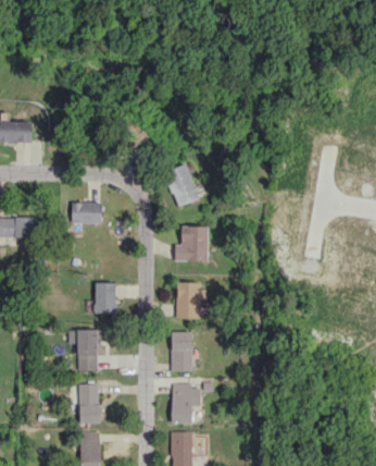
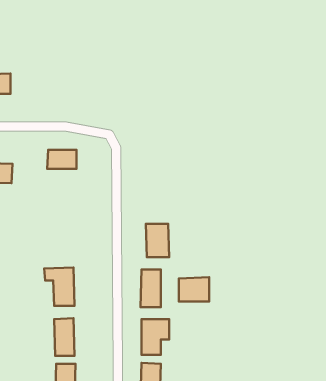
building: [166,164,198,206] -> none
building: [174,226,209,261] -> none
building: [95,282,117,314] -> none
building: none -> [179,277,209,302]

